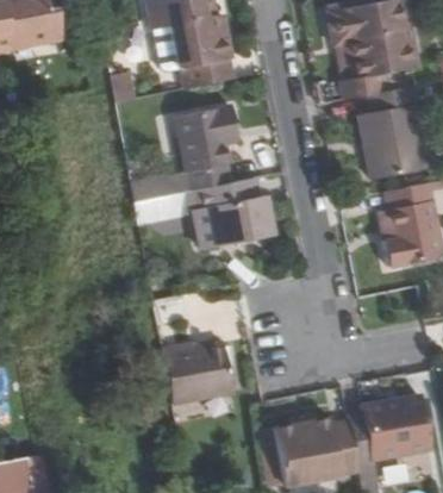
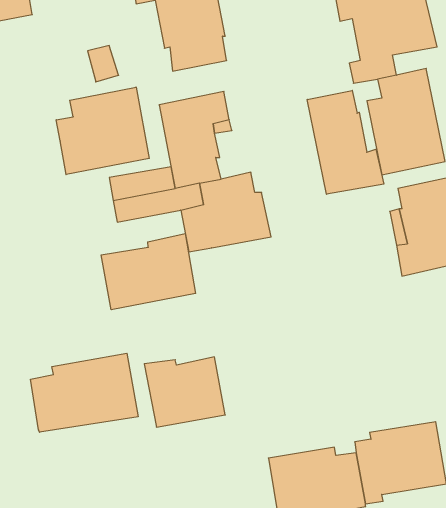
building: none -> [56,87,149,175]
building: none -> [307,90,384,194]
building: none -> [101,233,196,310]
building: none -> [31,353,138,432]

